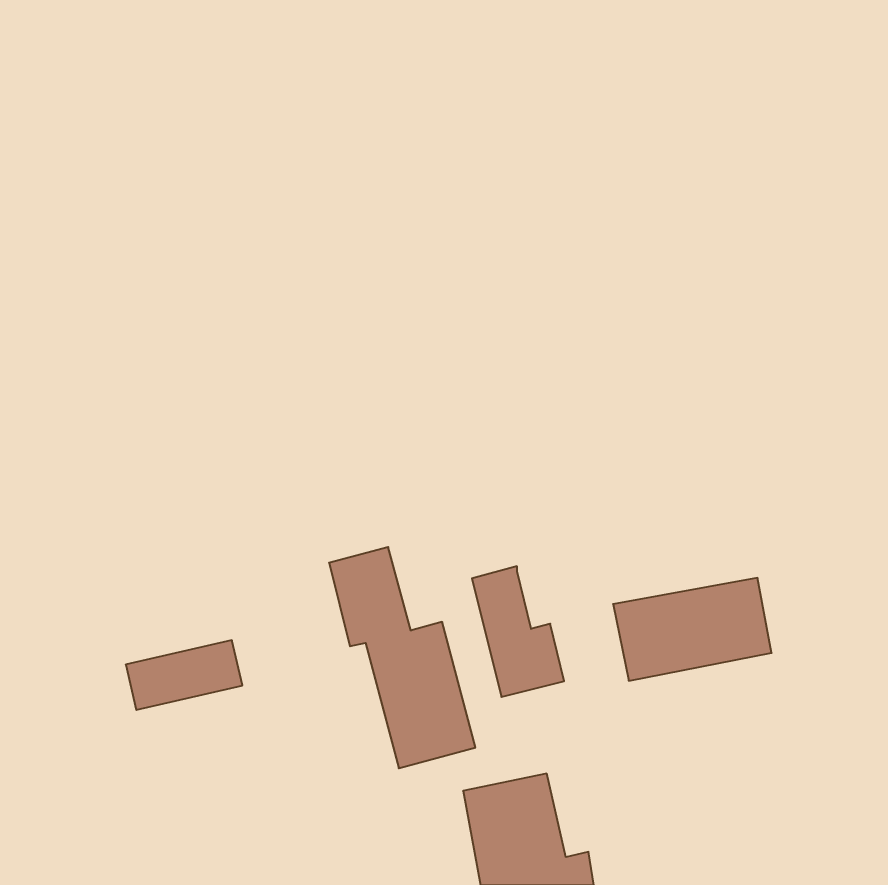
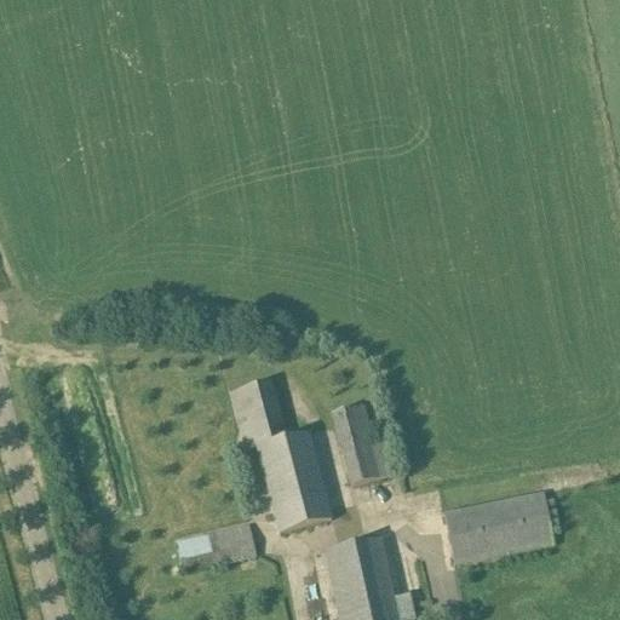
building: [613,578,772,681] -> [444,493,555,564]
building: [126,640,242,710] -> [176,524,257,573]

